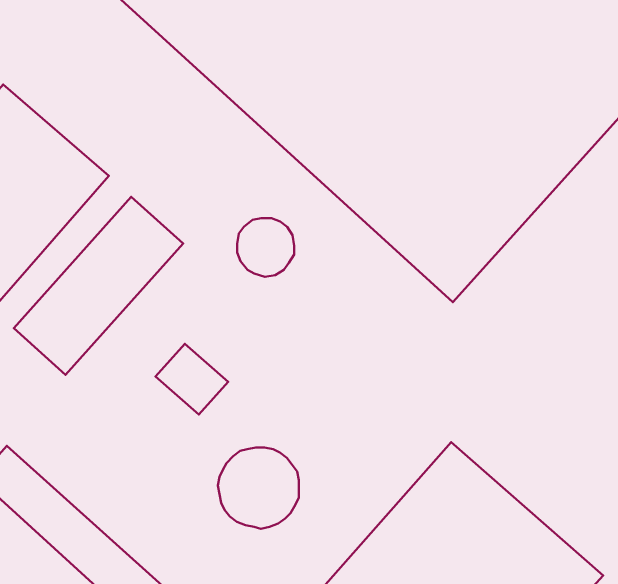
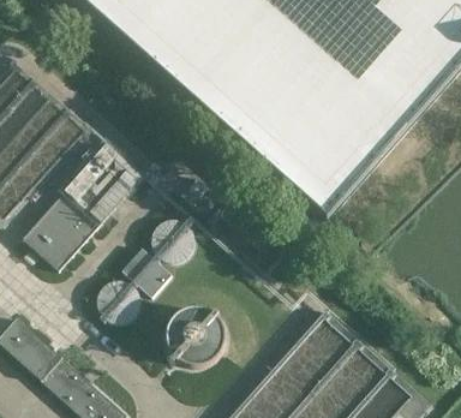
building: [237,218,294,277] -> [151,222,191,263]
building: none -> [94,281,138,326]

